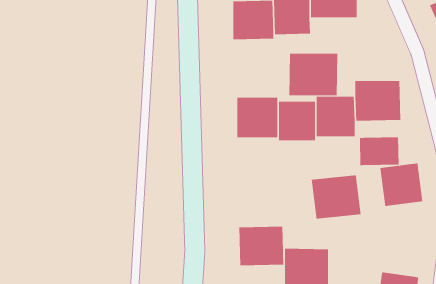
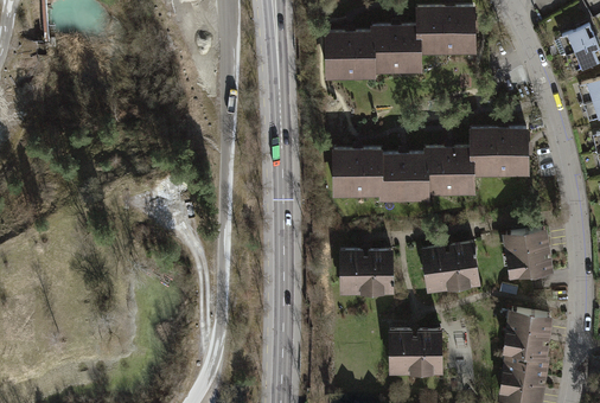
building: [289,53,338,96] -> none
building: [359,136,399,166] -> none
building: [239,226,284,266] -> [340,245,395,293]
building: none -> [500,307,554,360]

